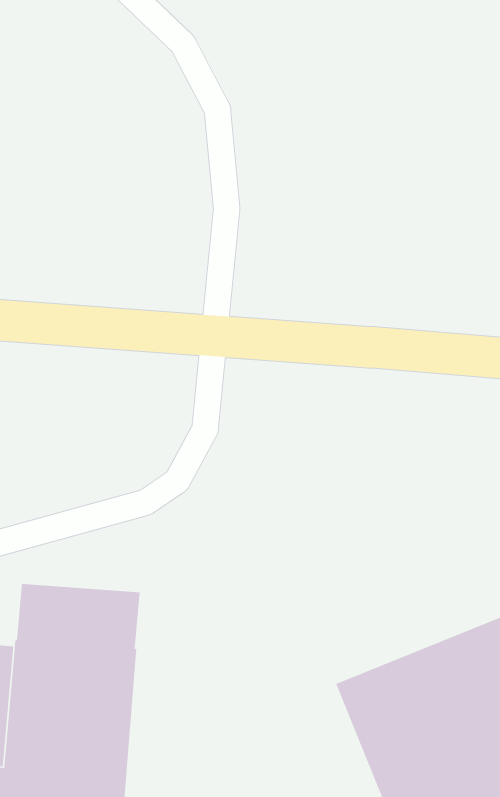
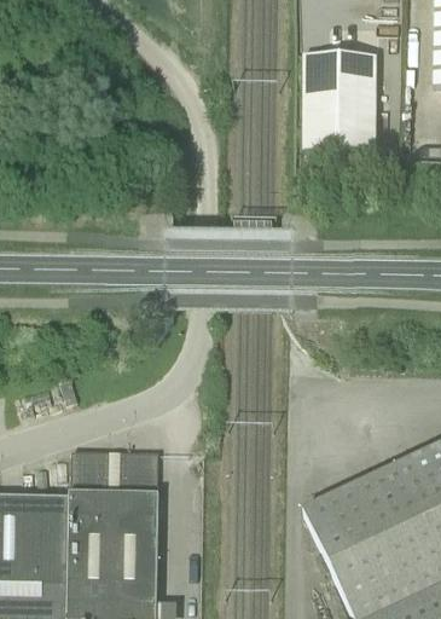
building: none -> [303,58,378,156]

